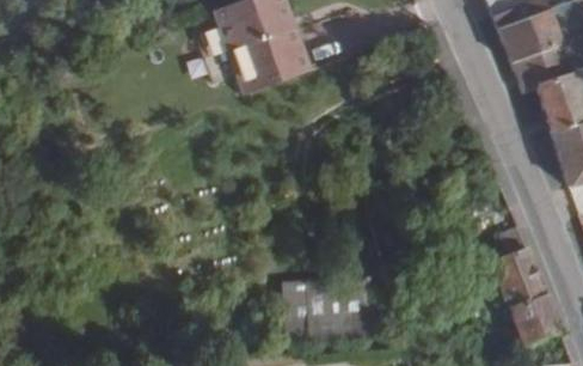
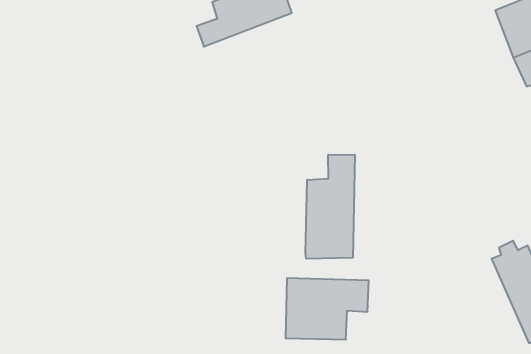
building: [203,17,308,90] -> none
building: none -> [306,155,355,259]

